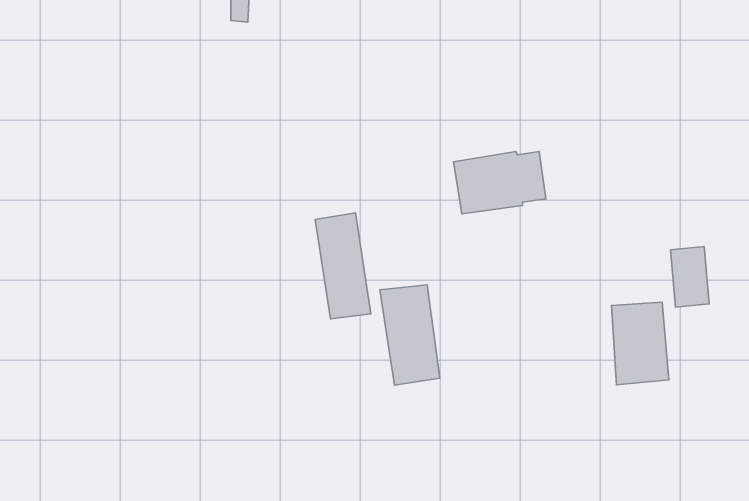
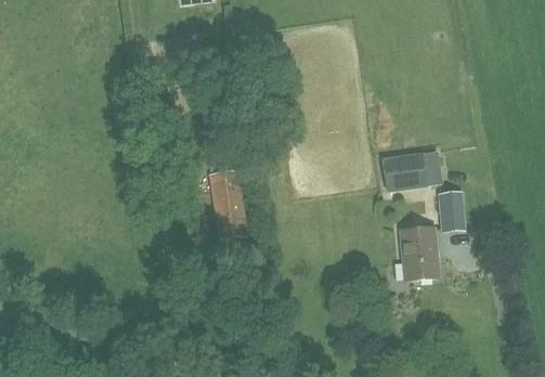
building: [453,152,546,214] -> [381,152,441,192]
building: [380,285,440,385] -> none

